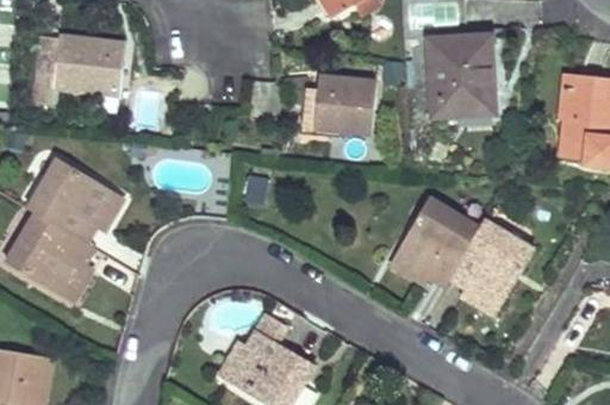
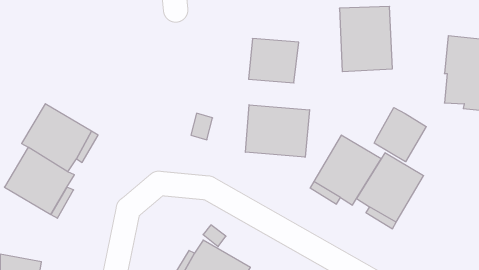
building: [32,35,123,105] -> none
building: none -> [245,105,310,157]
building: none -> [374,108,426,162]

